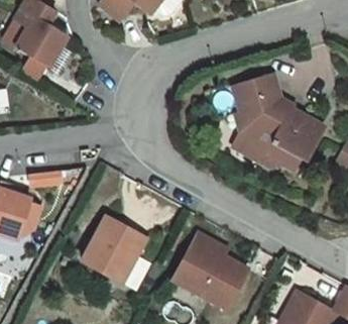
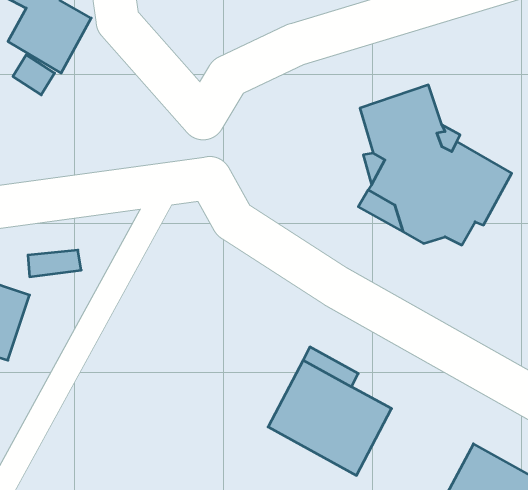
building: [85,216,148,282] -> none

